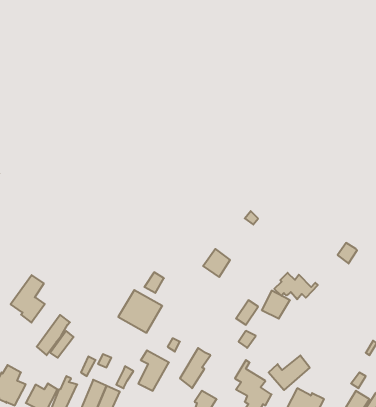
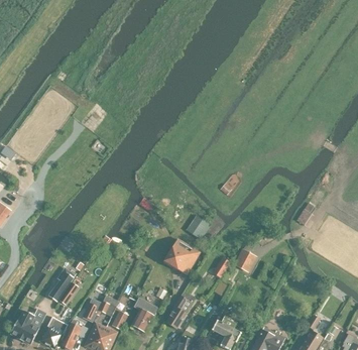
building: [274,273,318,299] -> none
building: [11,275,45,323] -> none
building: [118,290,162,333] -> [164,238,201,273]
building: [269,355,310,390] -> none

